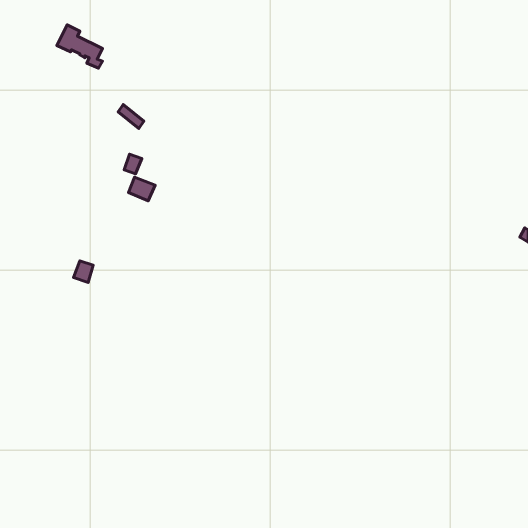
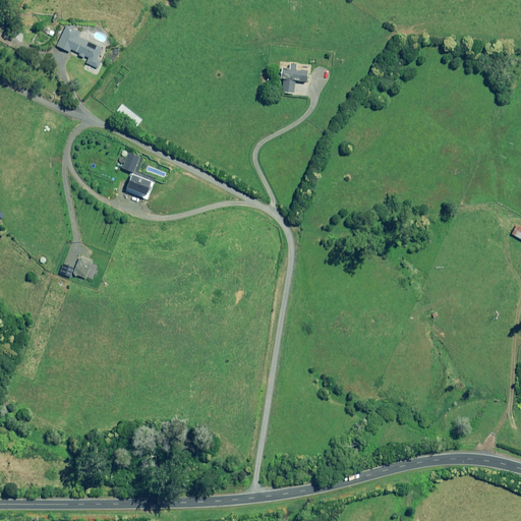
building: none -> [281,63,308,93]

